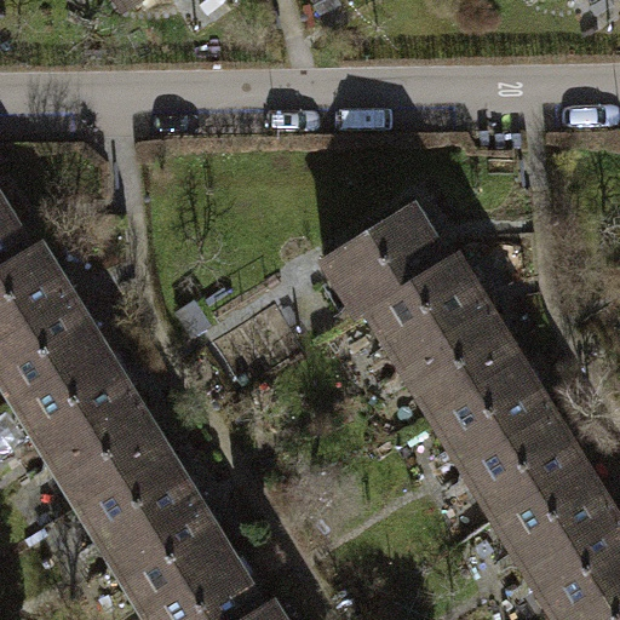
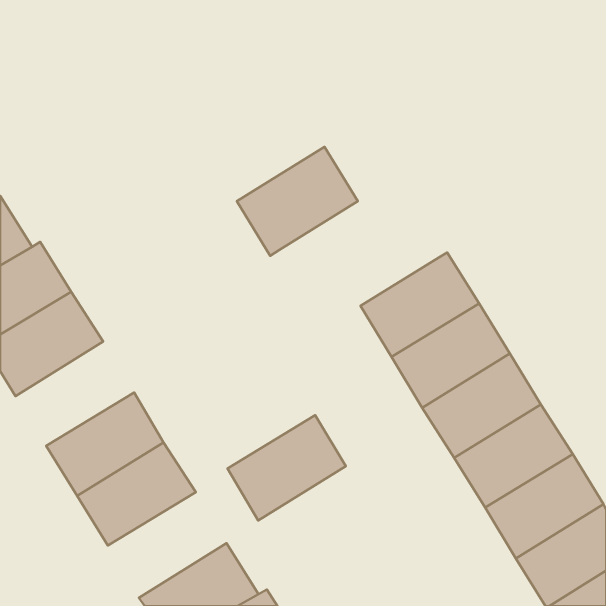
building: [325,207,448,318] -> [237,147,358,256]
building: [16,349,137,455] -> none
building: [110,503,231,610] -> [227,415,346,521]

